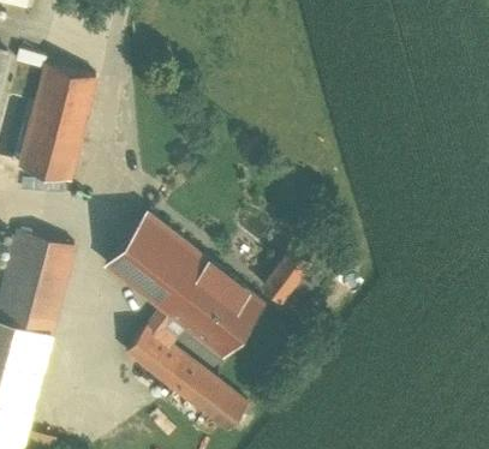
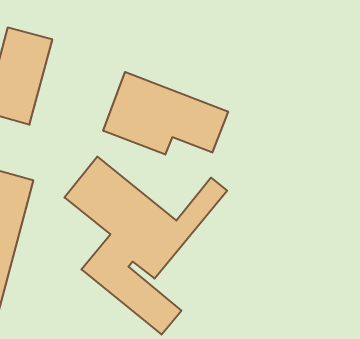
building: none -> [103,72,228,155]

